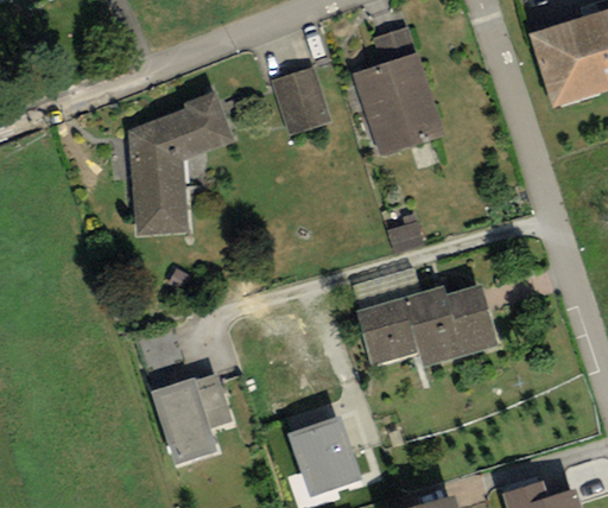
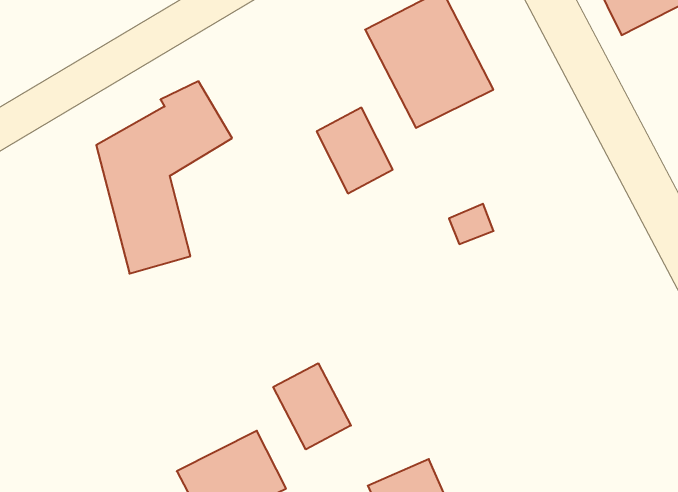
building: [277,70,331,135] -> [317,108,393,193]
building: [356,275,498,361] -> none
building: none -> [273,363,351,449]

